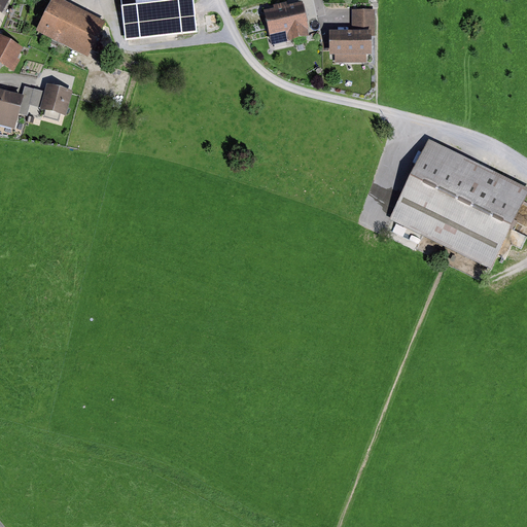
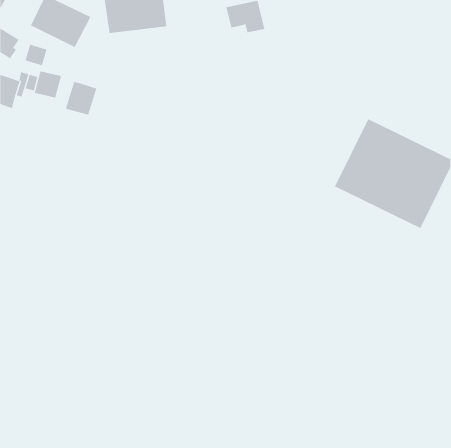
building: [328,7,375,60] -> none
building: none -> [25,44,47,66]
building: none -> [65,81,97,116]

